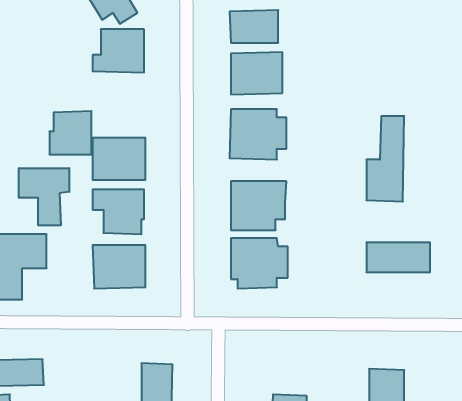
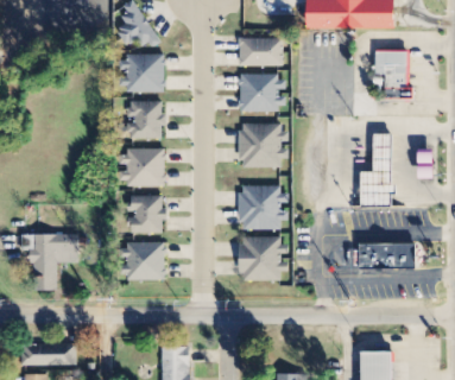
building: none -> [374,46,407,87]
building: [49,111,91,154] -> [126,100,163,138]
building: [19,168,69,225] -> none

